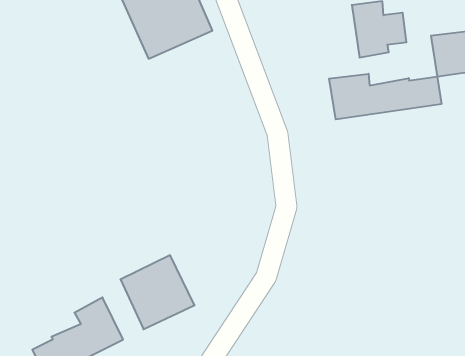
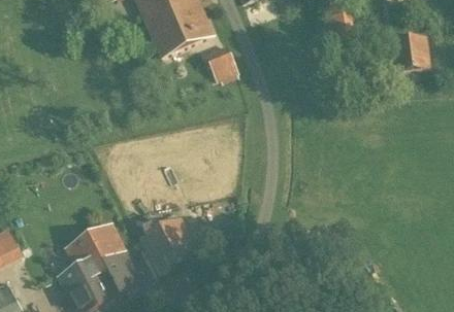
building: none -> [205,44,238,80]
building: [329,74,441,119] -> none
building: none -> [59,223,125,292]

